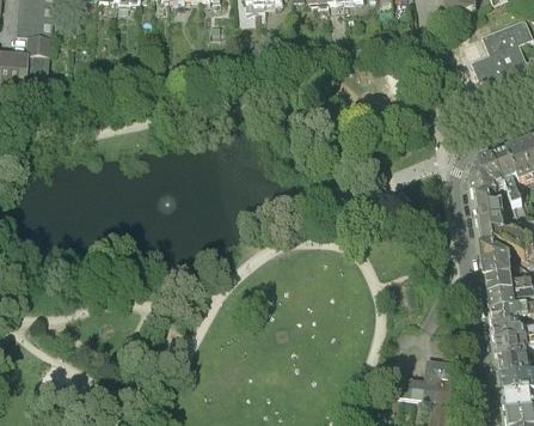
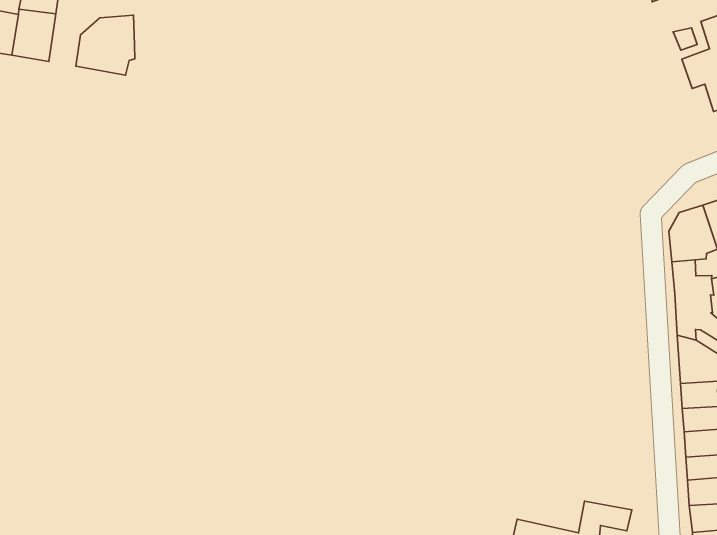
building: none -> [76,15,135,75]

